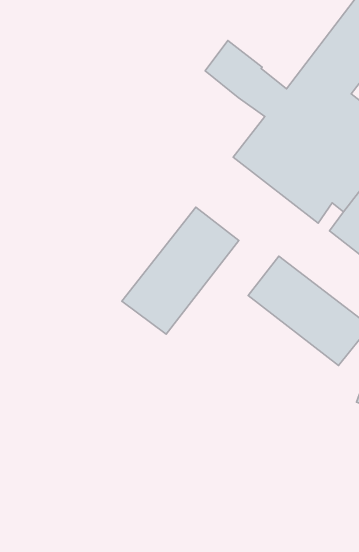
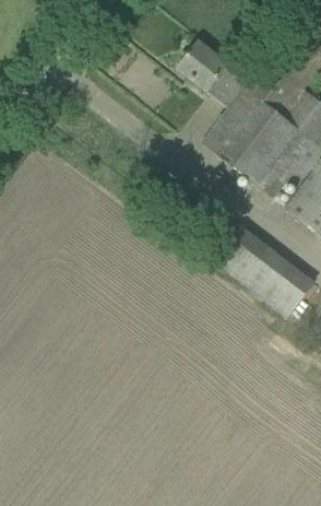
building: [122,207,239,334] -> none

